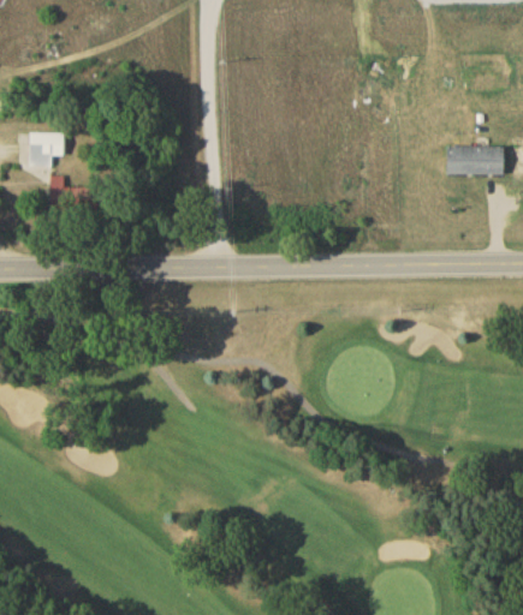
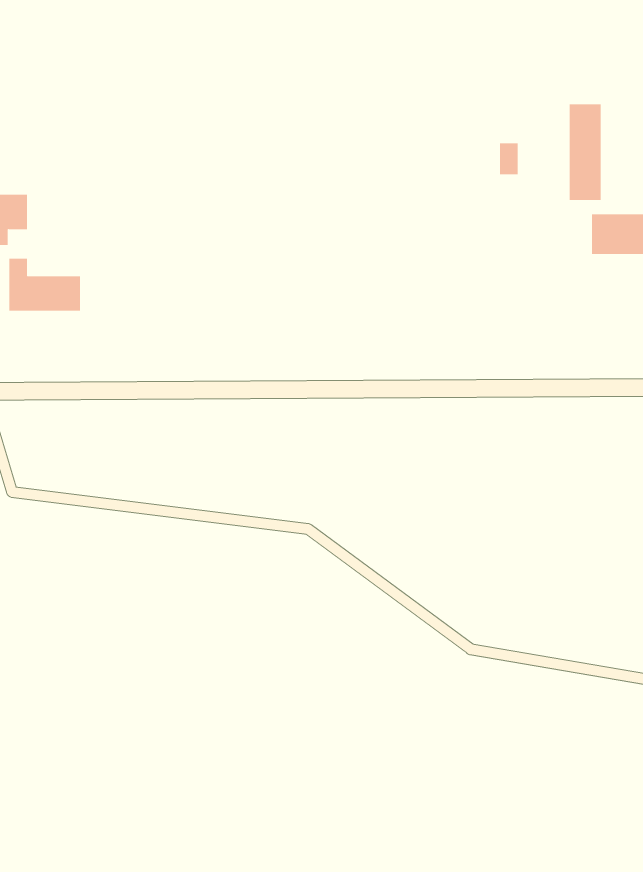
building: none -> [569,104,601,201]

